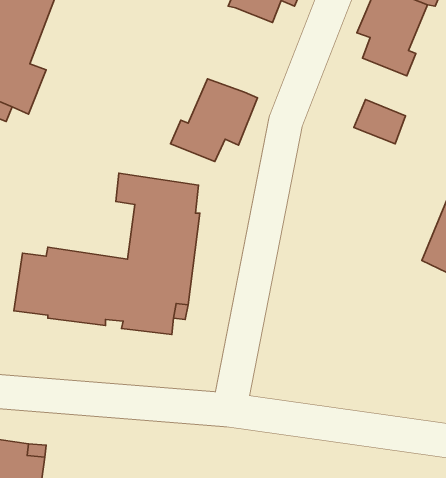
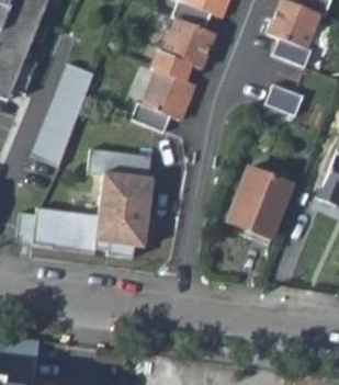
building: none -> [151,18,216,80]
building: none -> [38,54,100,157]
building: none -> [228,171,293,248]

